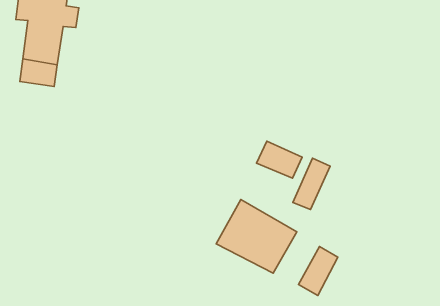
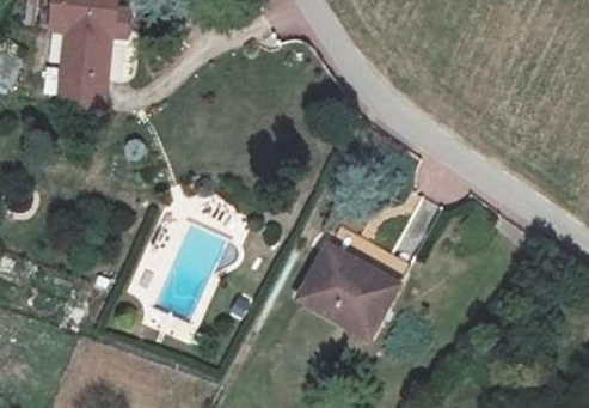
building: [257,141,302,178] -> none
building: [298,247,338,296] -> none

